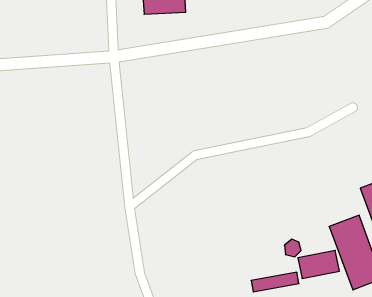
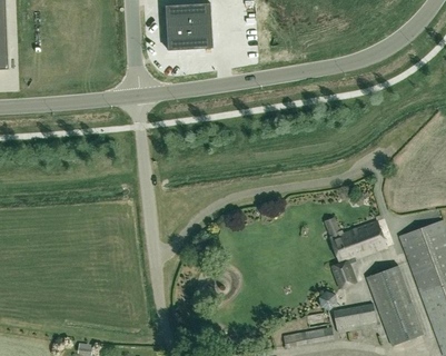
building: none -> [324,217,385,287]

